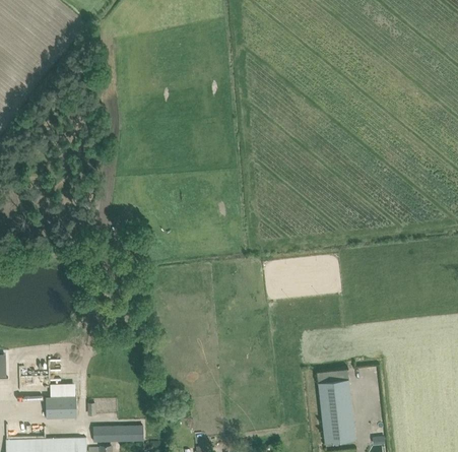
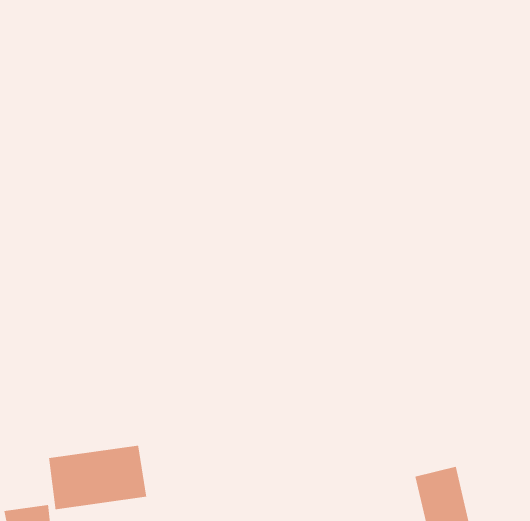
building: none -> [48,445,147,510]

